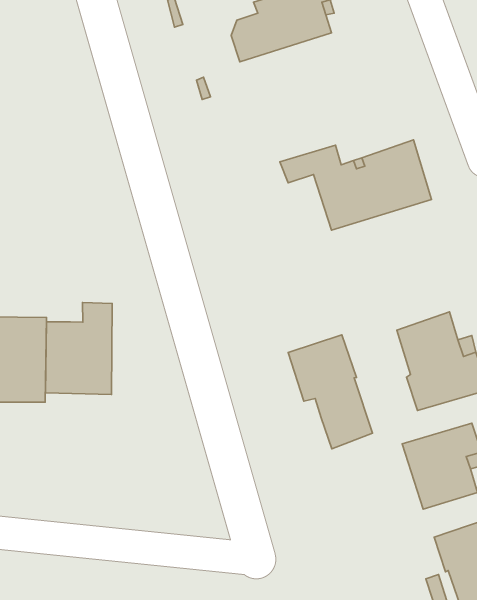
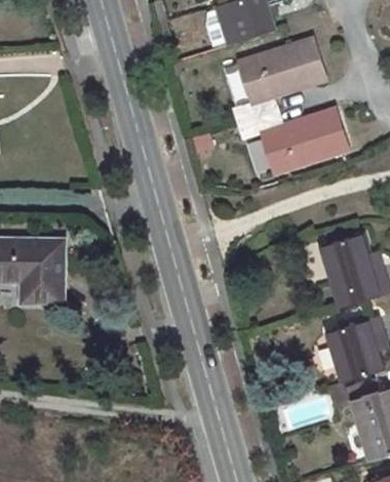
building: none -> [223,39,325,124]
building: [46,302,112,395] -> none
building: [288,335,372,449] -> none

